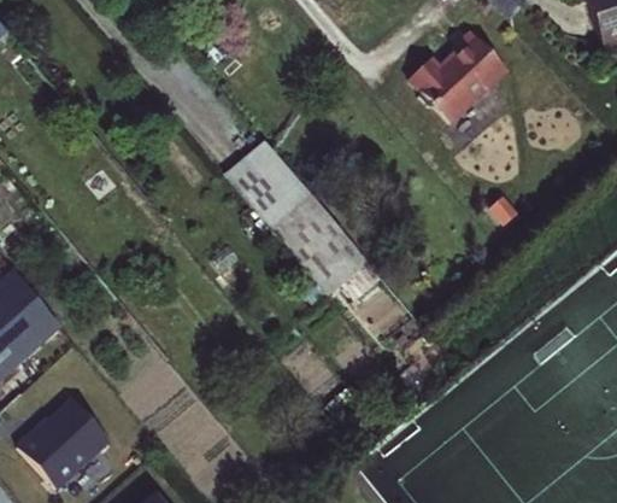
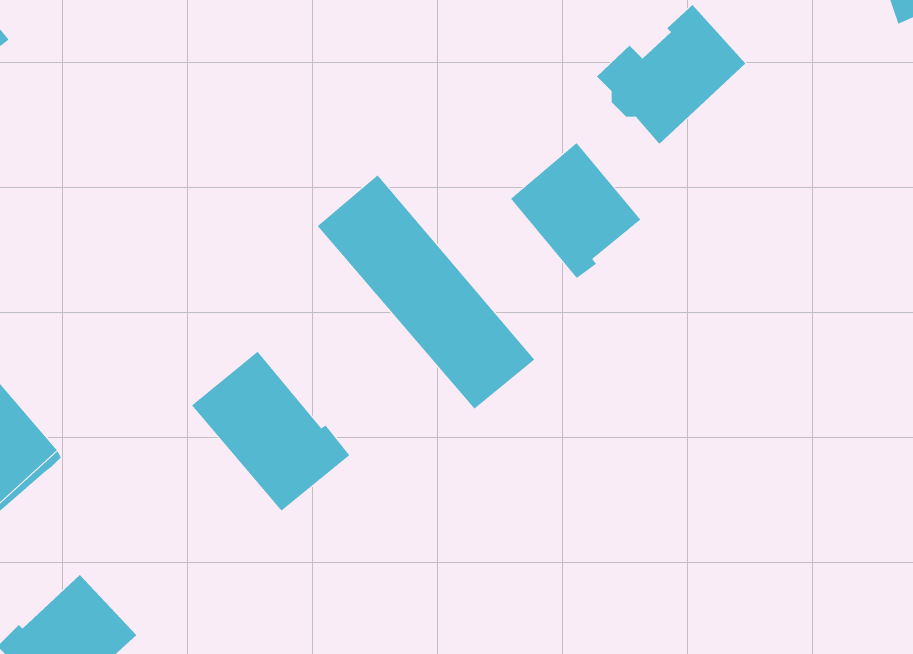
building: none -> [510,142,641,279]
building: none -> [191,351,350,511]

